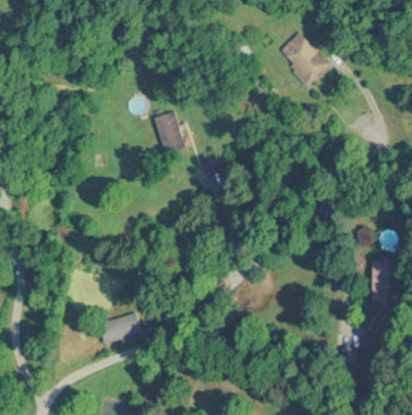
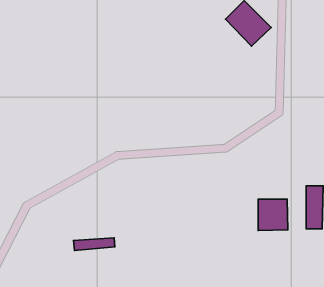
building: [154,110,187,152] -> none
building: none -> [258,199,288,230]

